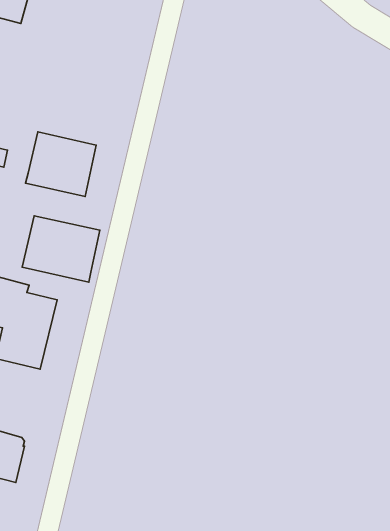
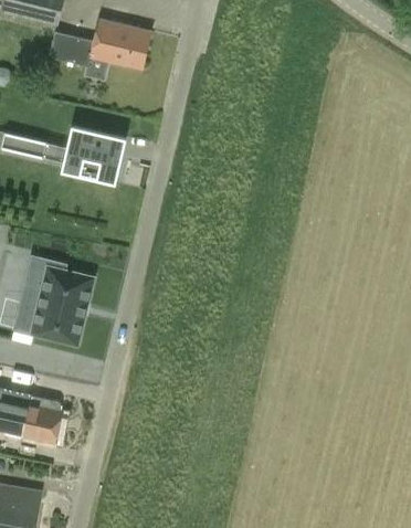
building: none -> [49,19,151,81]
building: [22,216,100,282] -> none

